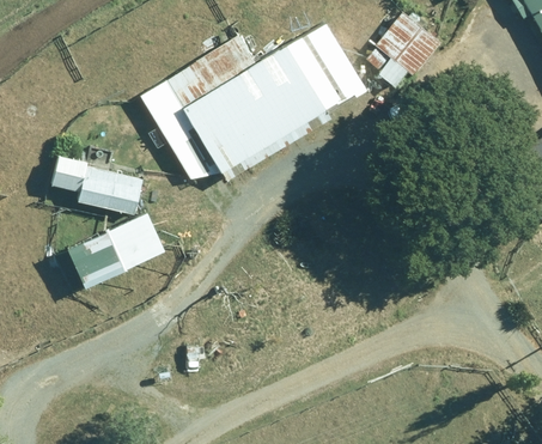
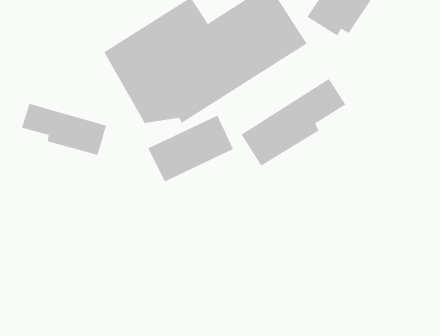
building: none -> [241,78,346,167]
building: [69,212,166,287] -> [147,115,234,182]

